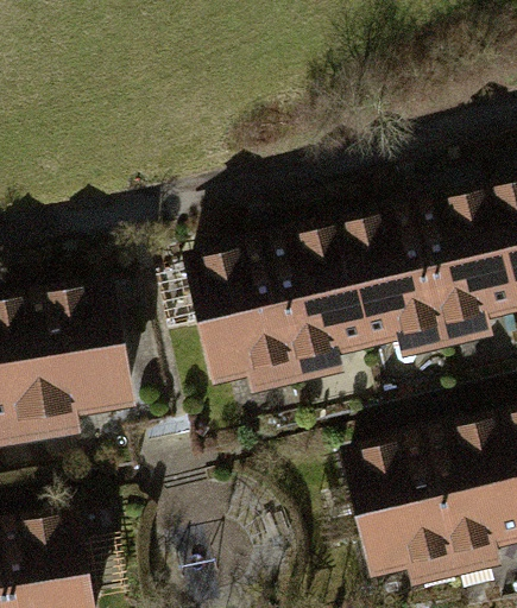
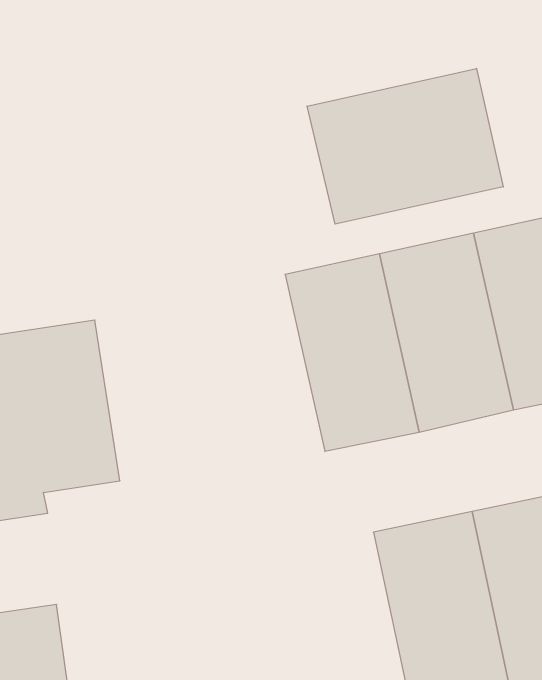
building: none -> [307,68,503,224]
building: [196,246,303,405] -> none

